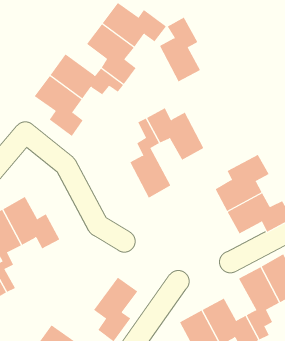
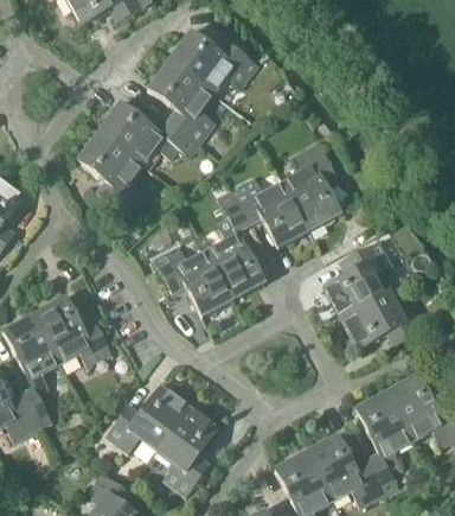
building: [159,17,201,82] -> [282,141,339,230]
building: none -> [153,243,232,316]
building: none -> [104,384,190,452]

